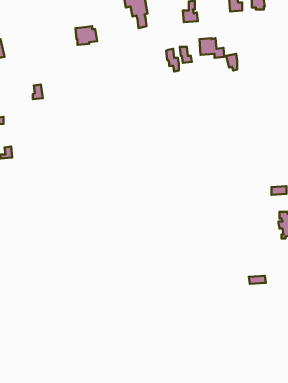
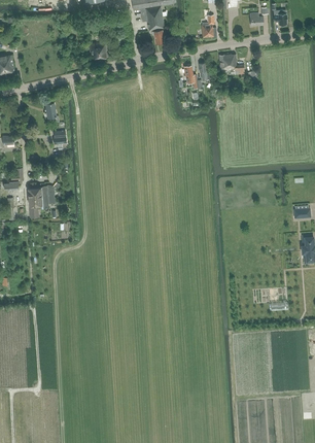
building: none -> [29,184,56,217]

